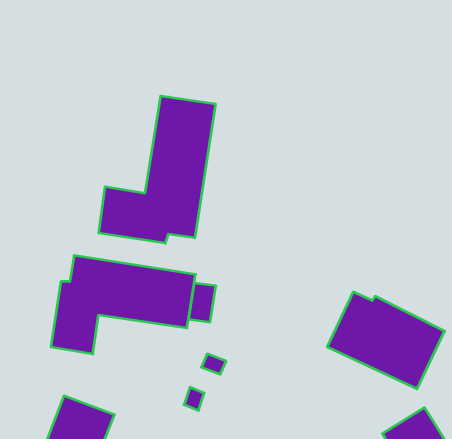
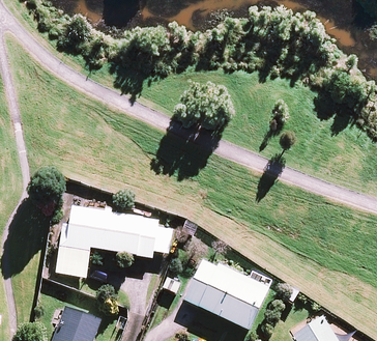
building: [99,96,215,243] -> none
building: [327,292,445,389] -> [183,259,267,329]

